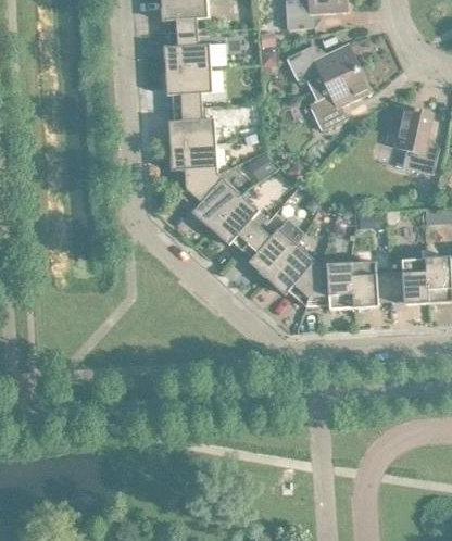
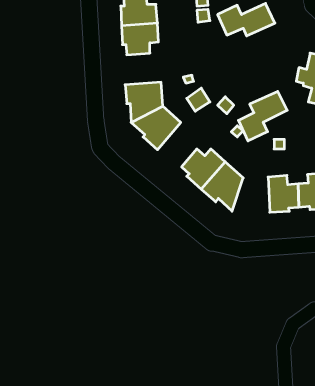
building: [310,67,372,130] -> [238,91,287,141]
building: [168,105,215,146] -> none
building: [211,193,261,250] -> none
building: [305,263,353,310] -> none

